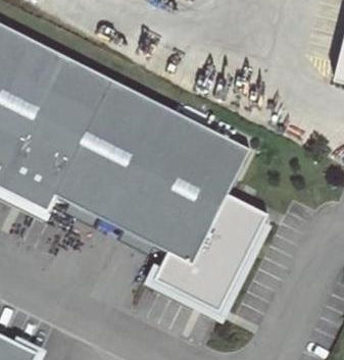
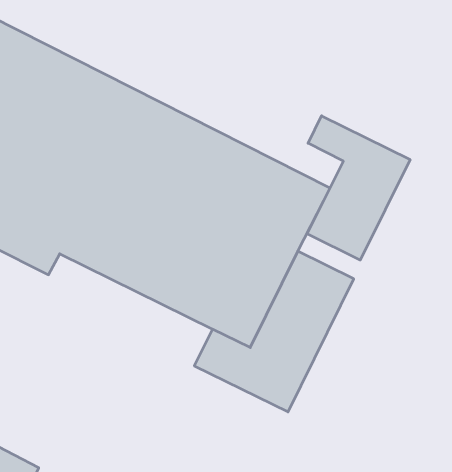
building: none -> [307,116,410,260]

